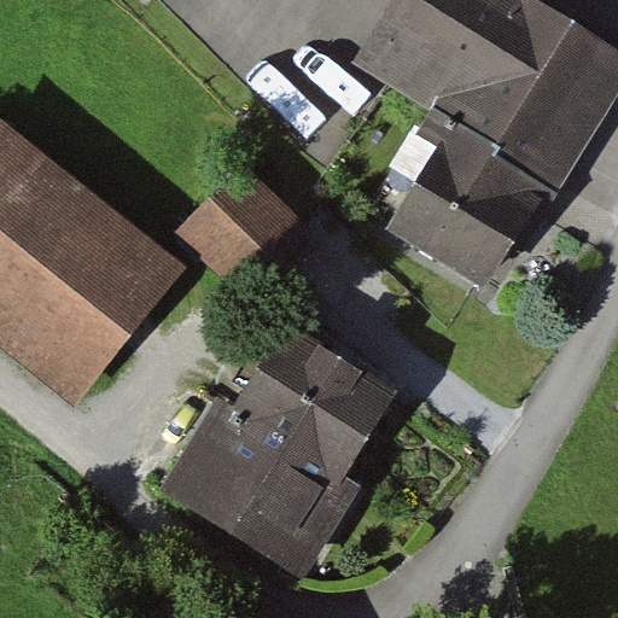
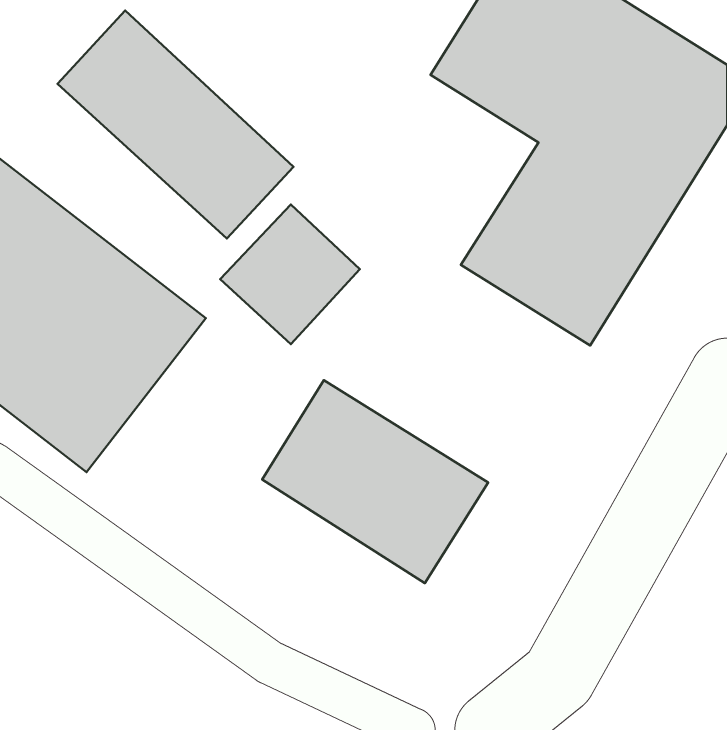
building: none -> [58,10,294,239]
building: [167,402,356,572] -> none

